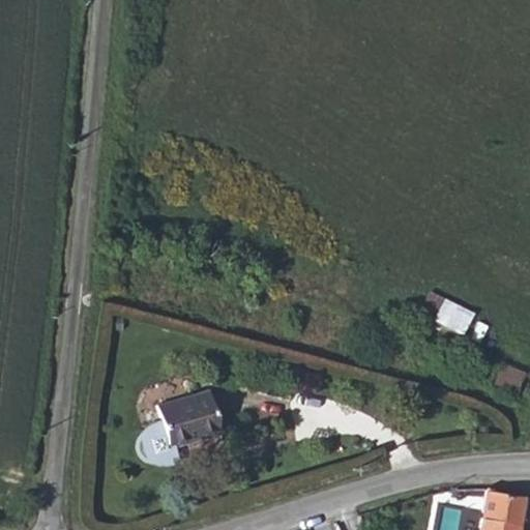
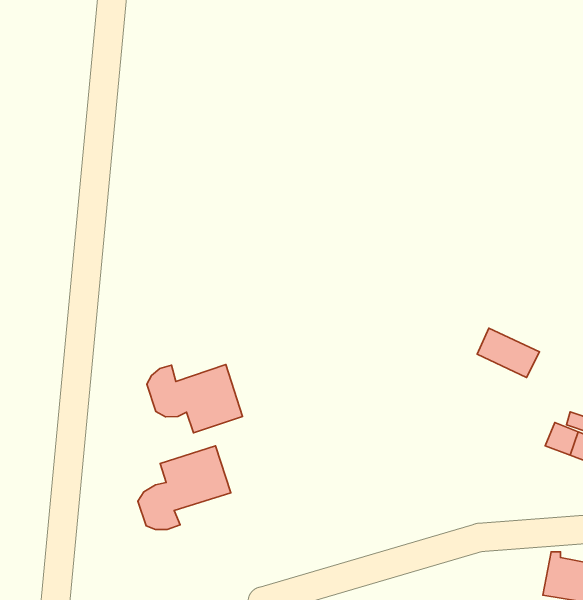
building: none -> [147,365,243,433]

